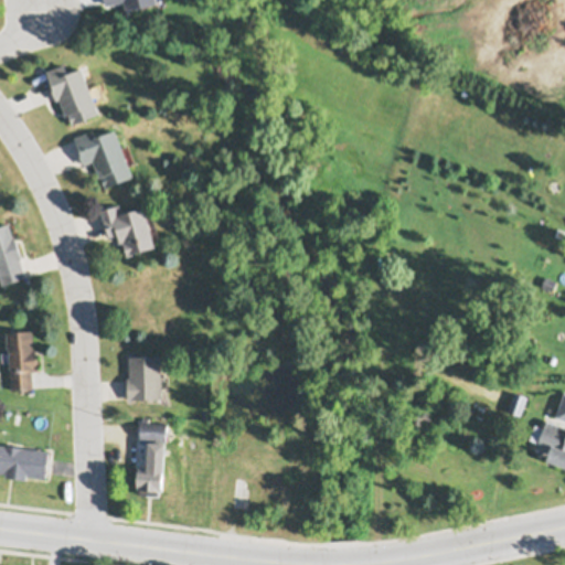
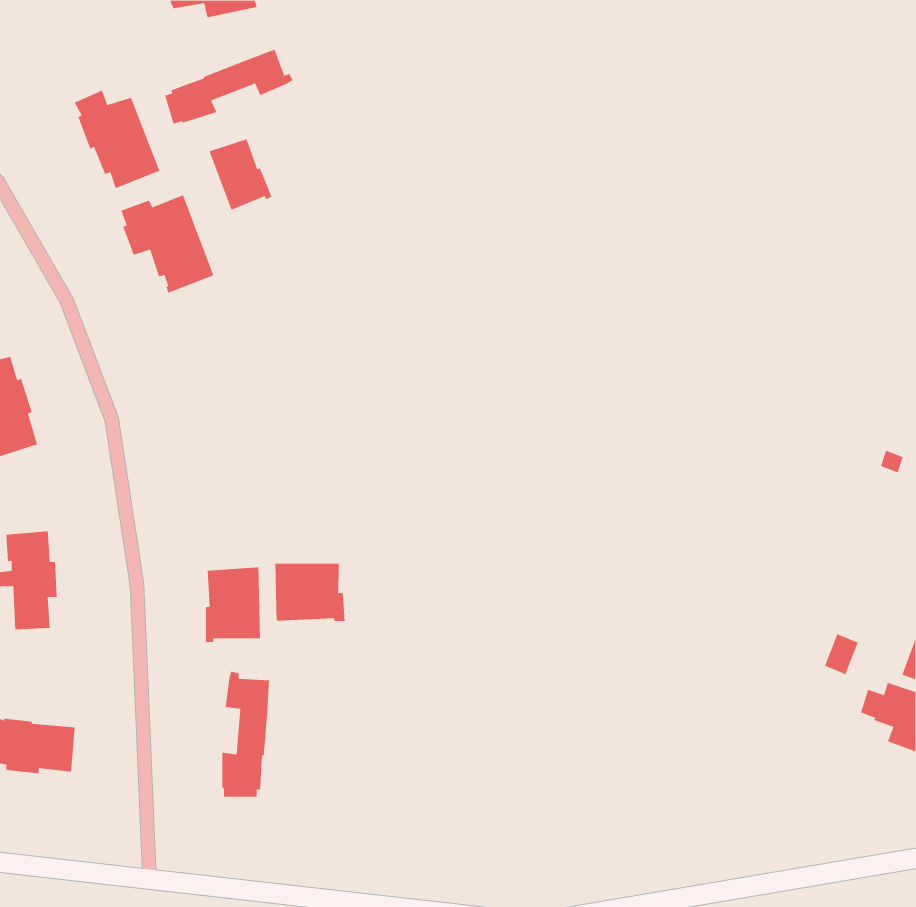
building: none -> [165,49,294,125]
building: none -> [209,138,272,210]
building: [99,205,153,256] -> none
building: none -> [275,563,345,622]

